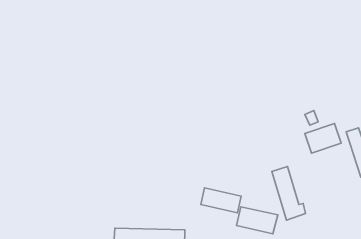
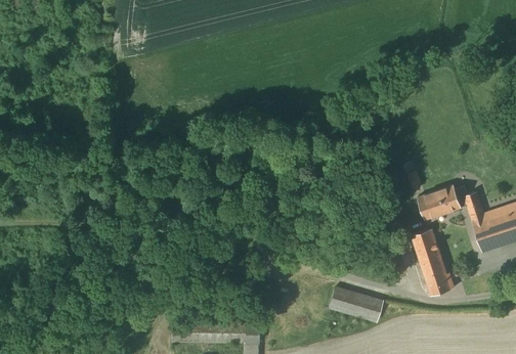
building: [272,167,306,220] -> [412,227,454,294]
building: [201,188,241,213] -> none

